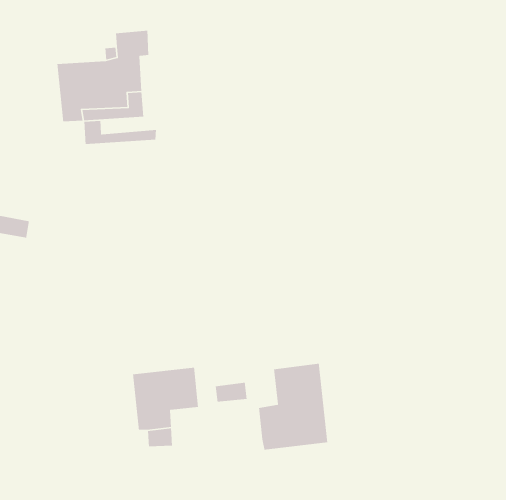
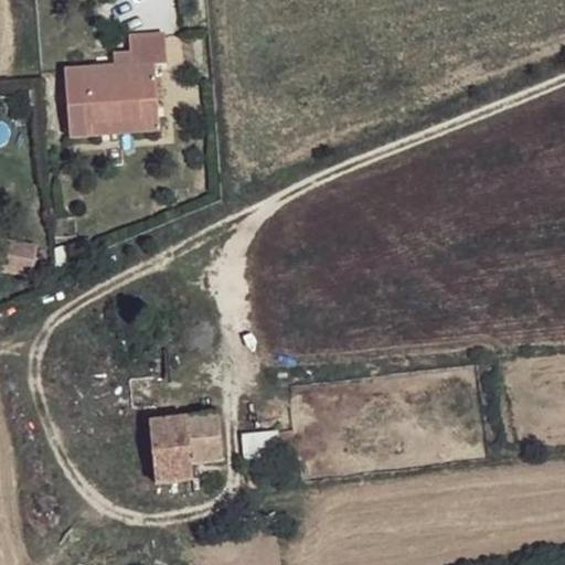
building: [83,120,157,145] -> none
building: [258,363,328,450] -> none

